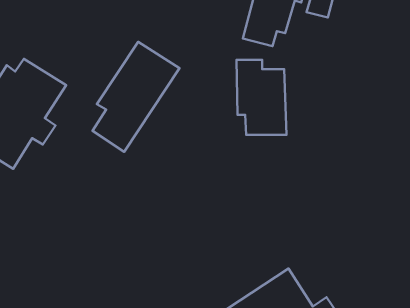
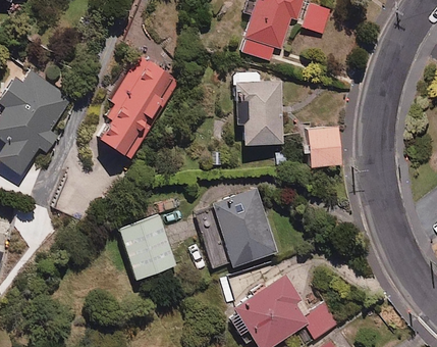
building: none -> [307,127,340,167]
building: none -> [196,188,277,274]
building: none -> [117,214,176,282]

